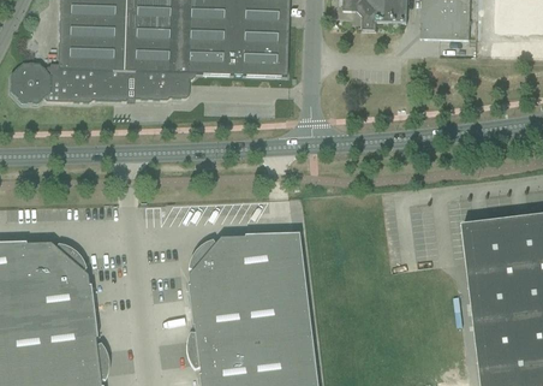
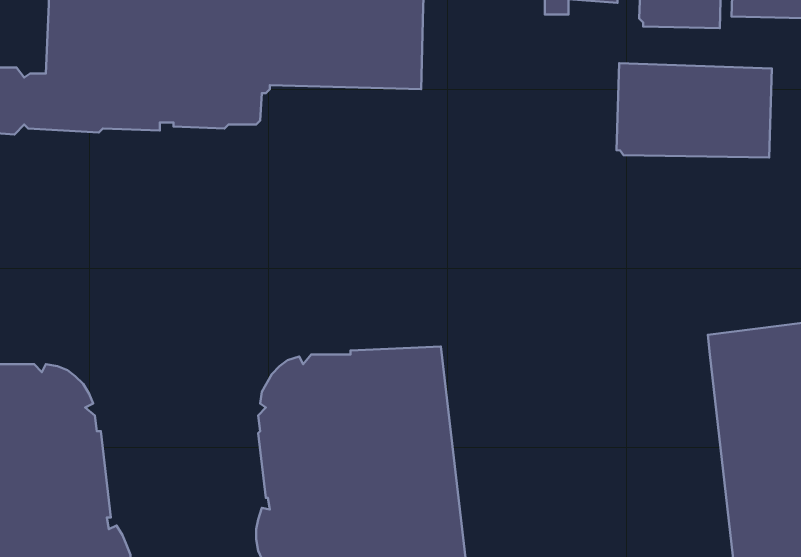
building: none -> [617,63,772,158]

